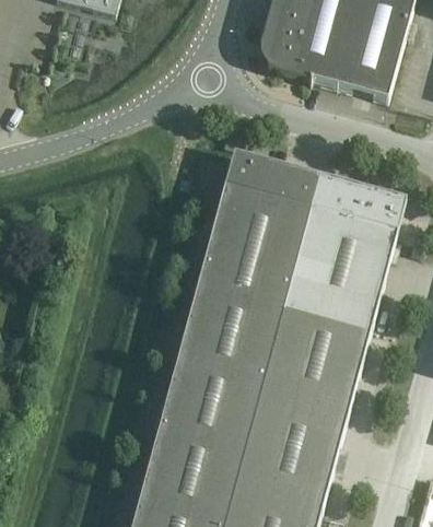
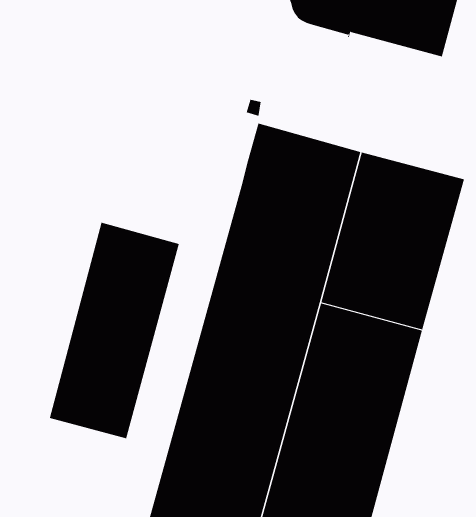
building: none -> [49,222,179,439]

